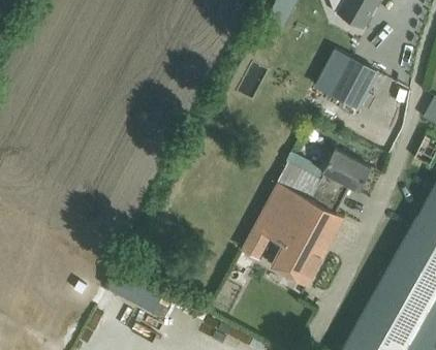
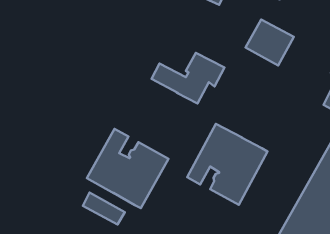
building: [279,150,371,214] -> [151,53,225,104]
building: none -> [87,129,168,208]

